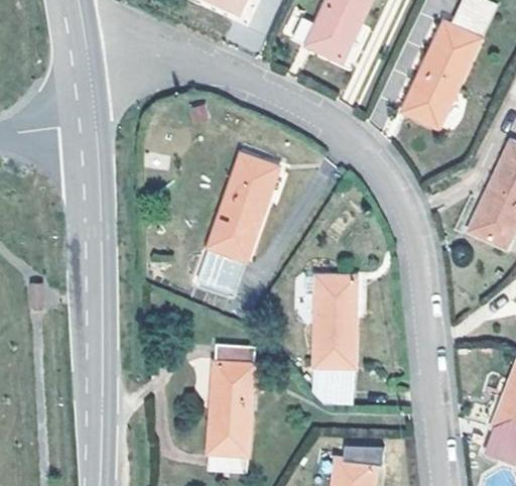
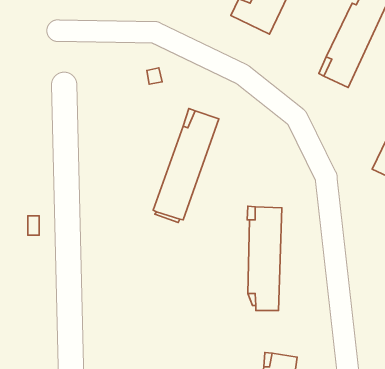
building: [209,343,255,472] -> none

